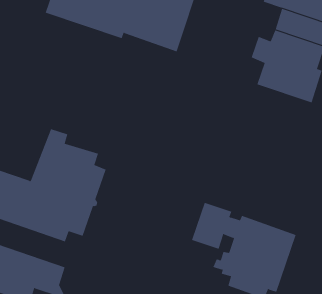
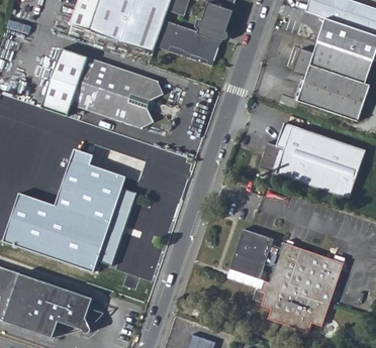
building: none -> [38,47,163,129]
building: none -> [257,125,364,198]

